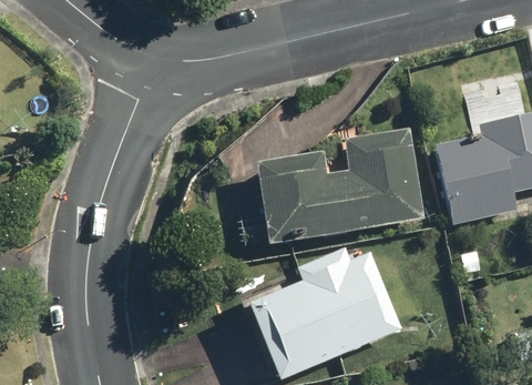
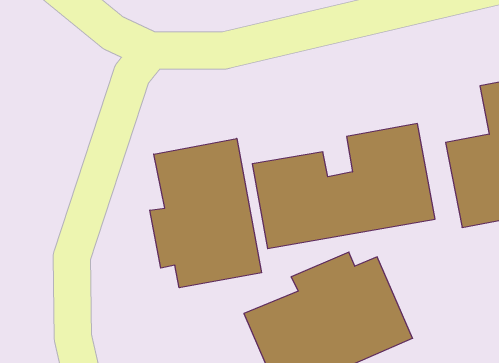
building: none -> [150,138,261,288]

